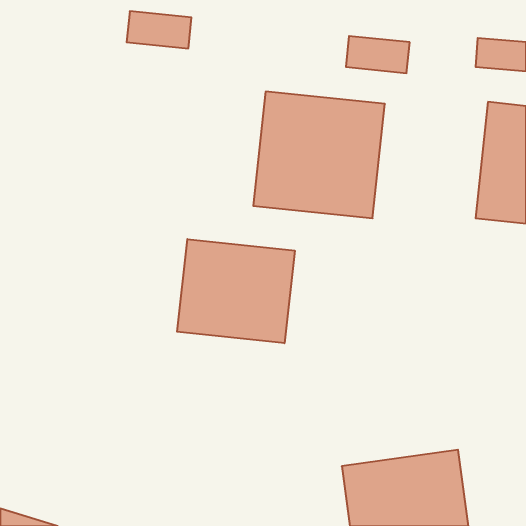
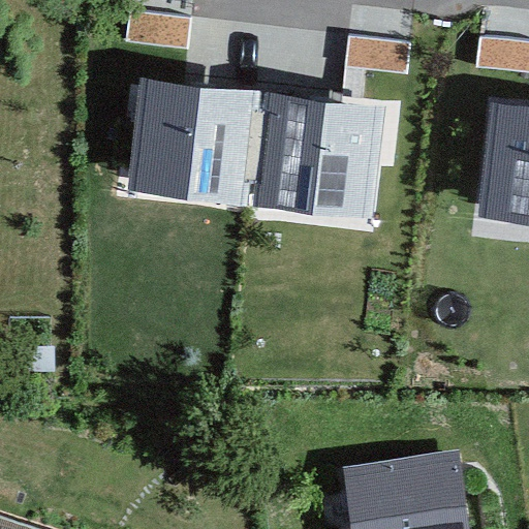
building: none -> [128,77,261,206]
building: [177,239,295,343] -> none

